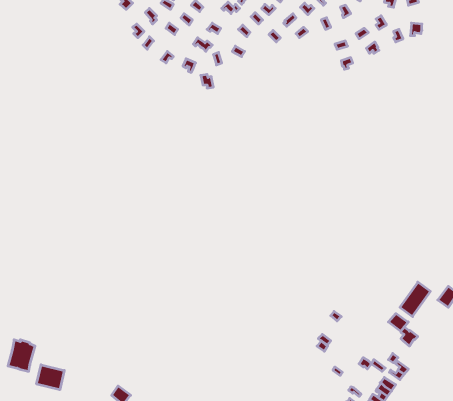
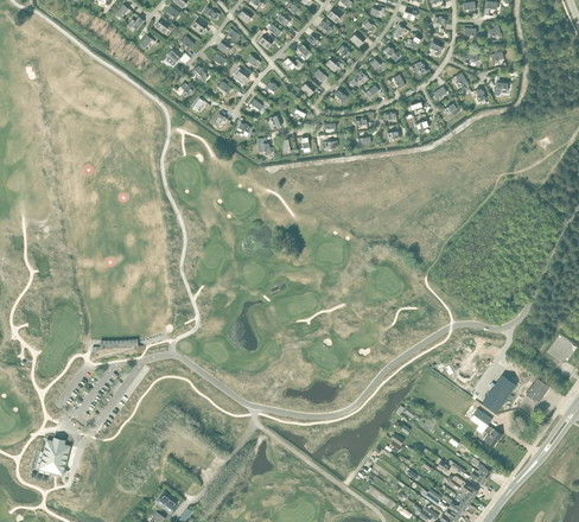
building: [37,365,64,390] -> none

